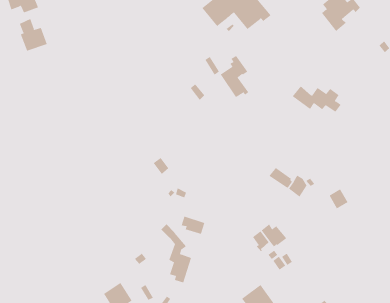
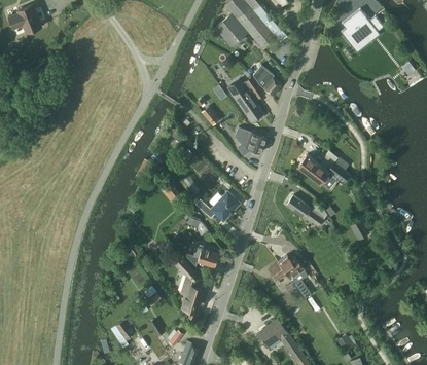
building: [19,18,48,51] -> none
building: none -> [253,65,282,96]
building: [292,85,342,113] -> [298,154,351,183]
building: none -> [236,127,266,155]
building: none -> [195,191,240,221]

